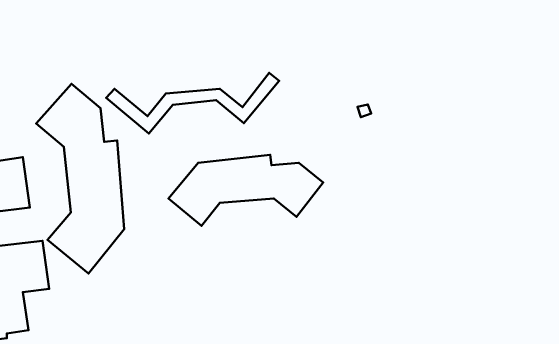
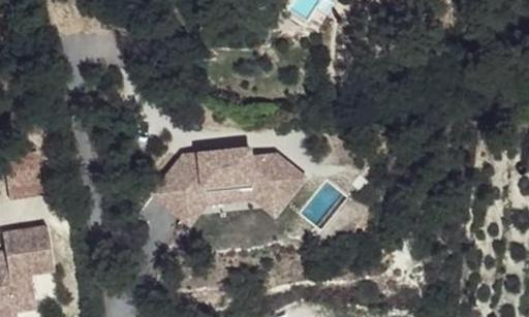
building: [106,73,279,133] -> [154,170,310,225]
building: [36,84,124,273] -> none

